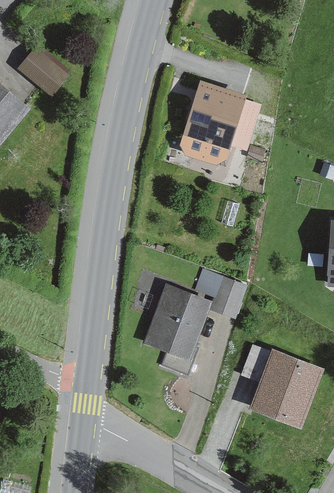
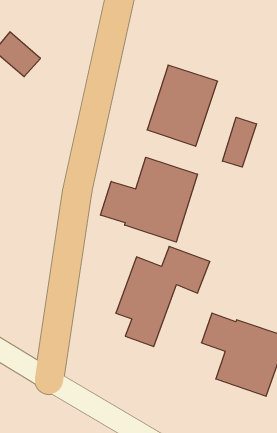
building: none -> [222,117,257,167]
building: none -> [101,157,197,242]

